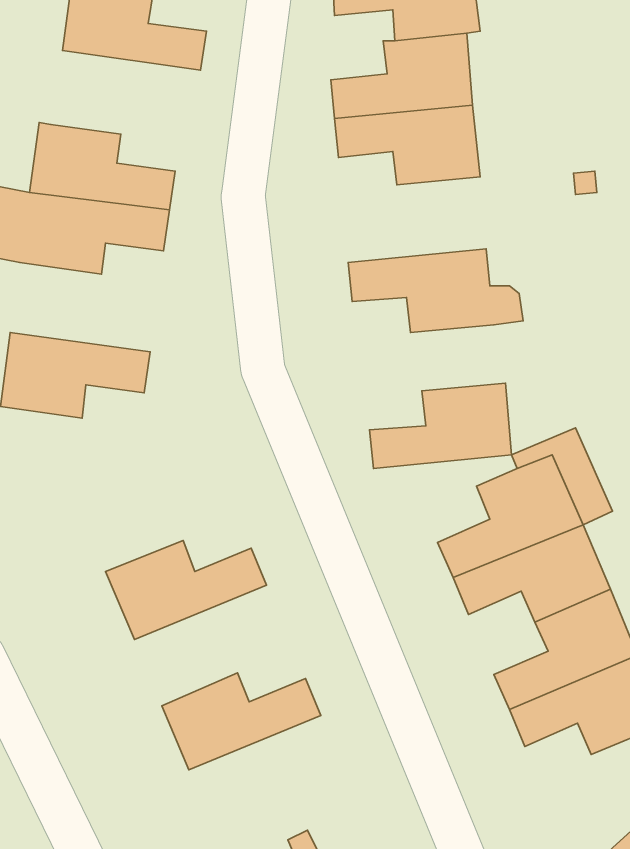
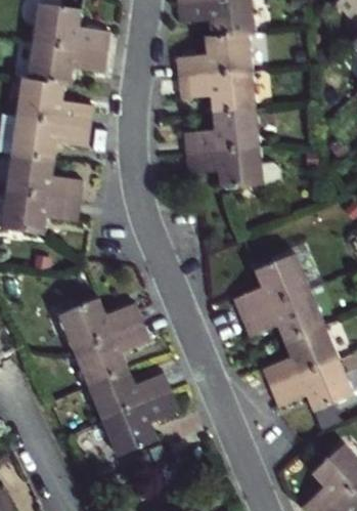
building: none -> [29,41,107,86]
building: none -> [7,153,84,200]
building: [370,383,511,469] -> [183,108,258,153]
building: none -> [73,323,150,386]
building: none -> [101,391,179,457]

